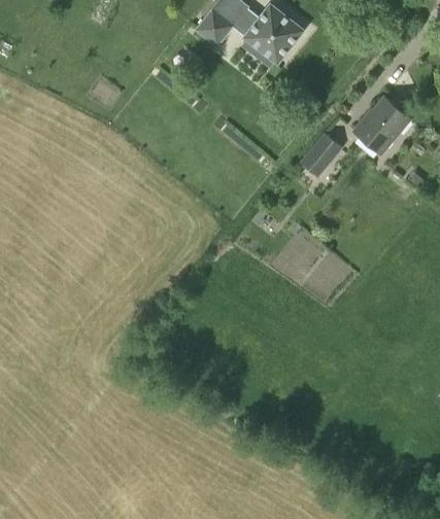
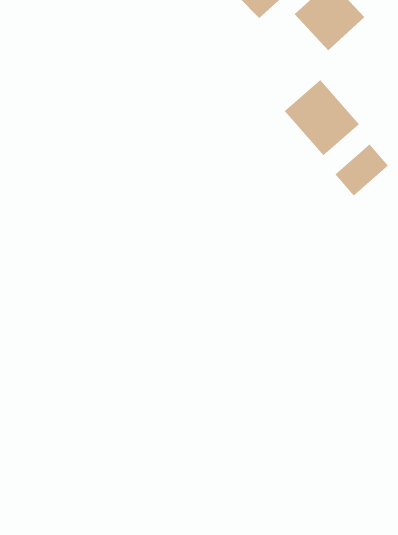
building: none -> [284,79,360,156]

